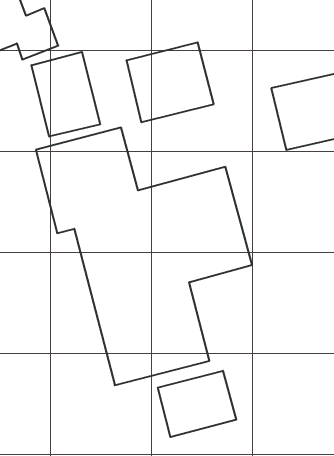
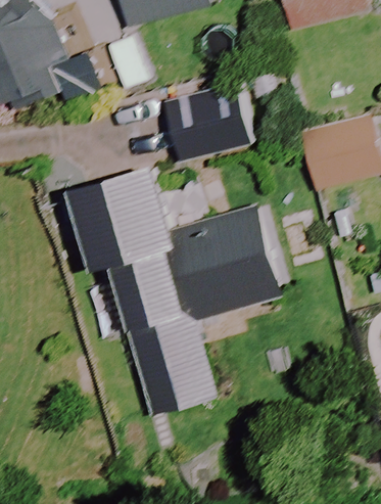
building: [32,52,100,137] -> none
building: [158,371,236,437] -> none

